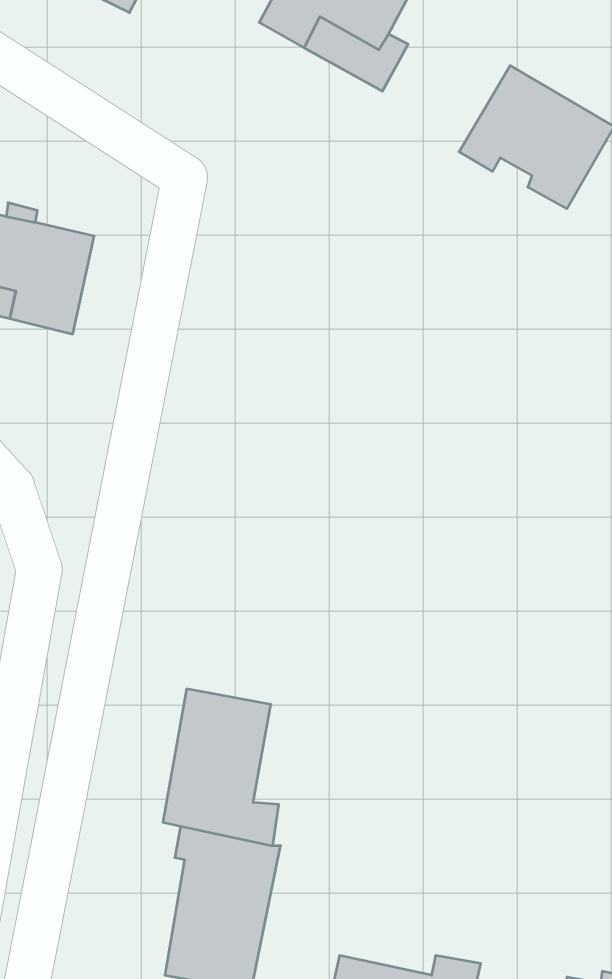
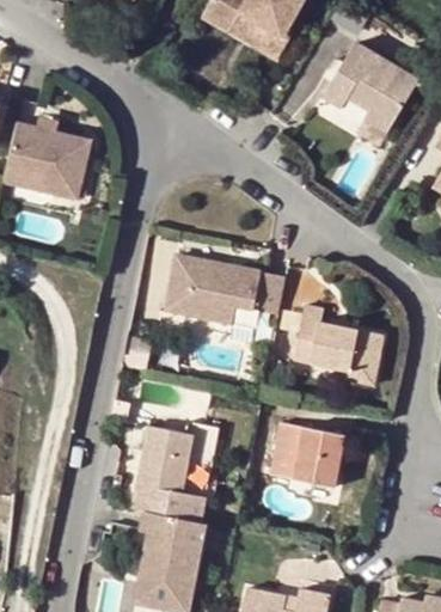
building: none -> [170,255,283,325]
building: none -> [293,301,381,380]
building: none -> [264,416,338,481]

